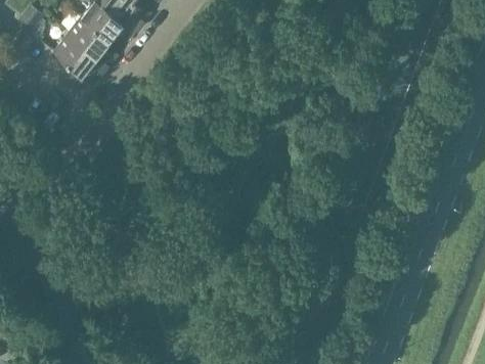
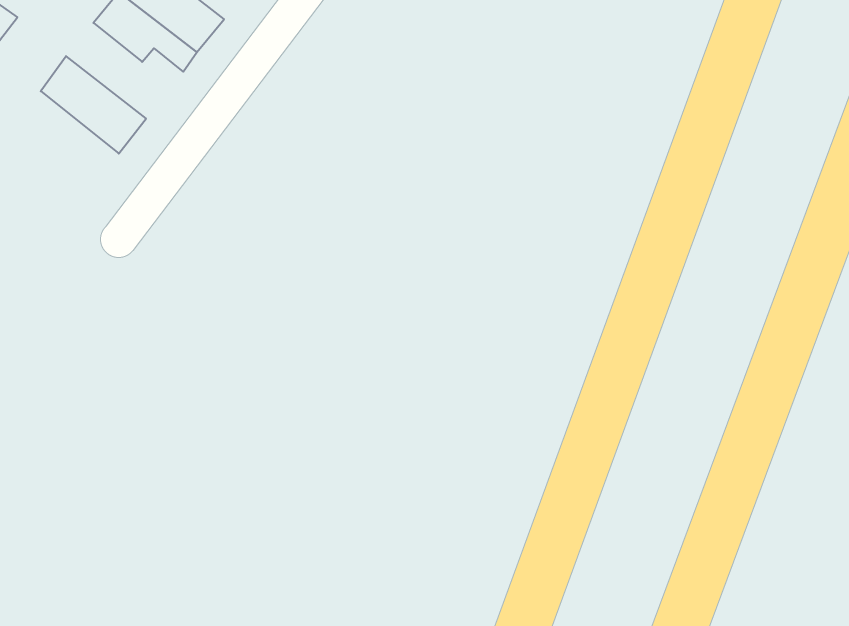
building: [65,17,116,67] -> none

